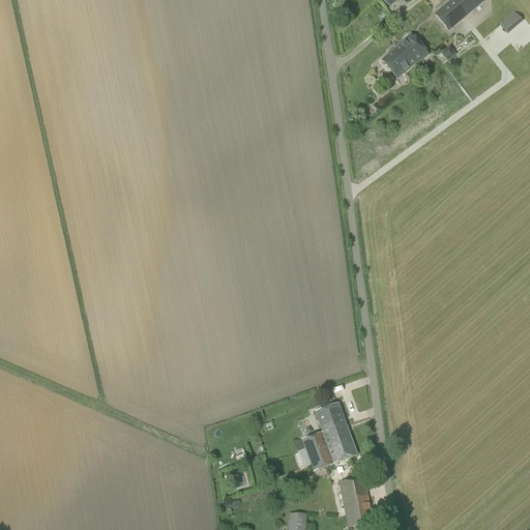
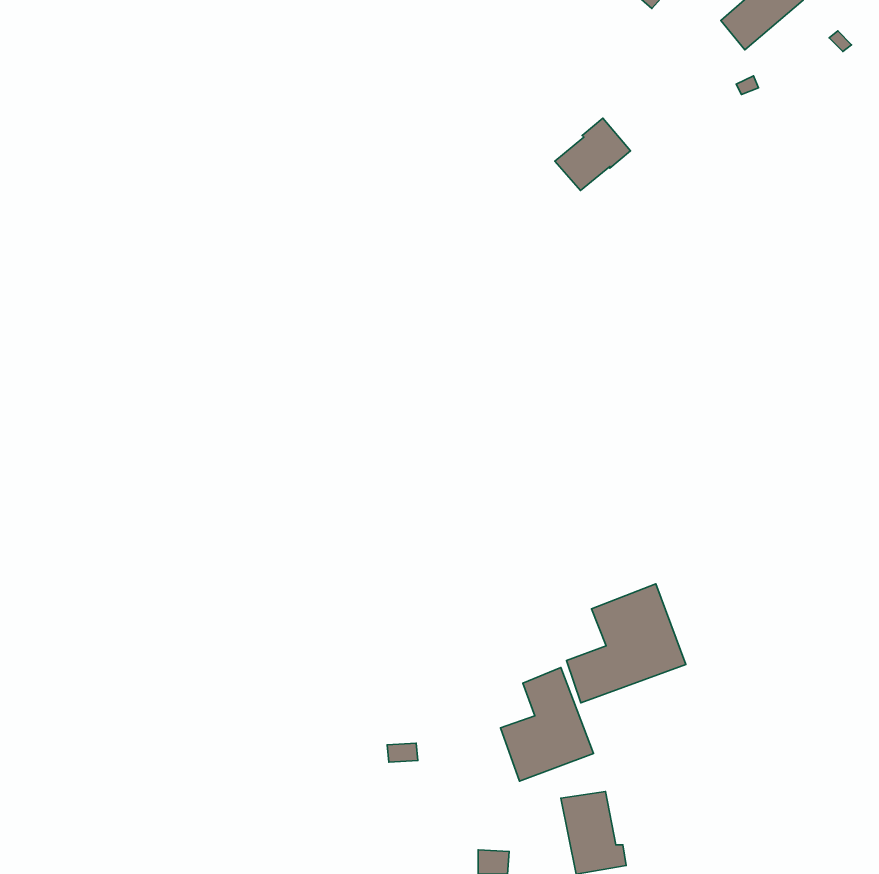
building: [381,33,426,77] -> [555,118,630,190]
building: none -> [567,584,686,703]

